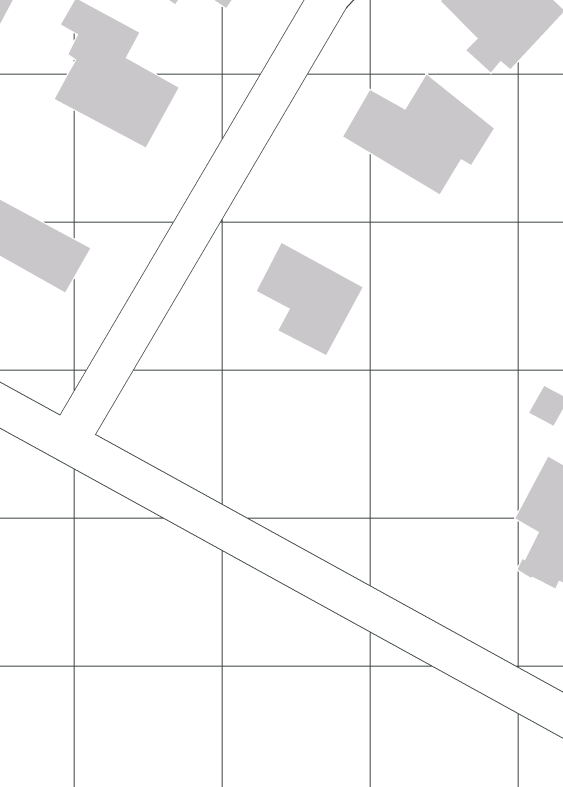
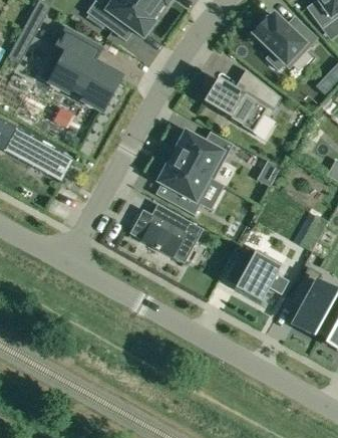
building: none -> [172,132,233,179]
building: none -> [129,209,203,263]
building: none -> [235,248,290,303]

